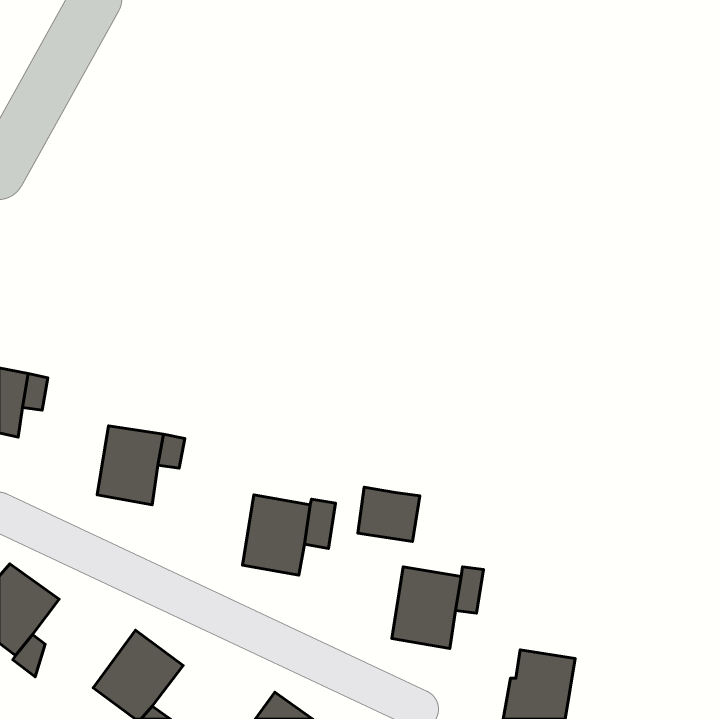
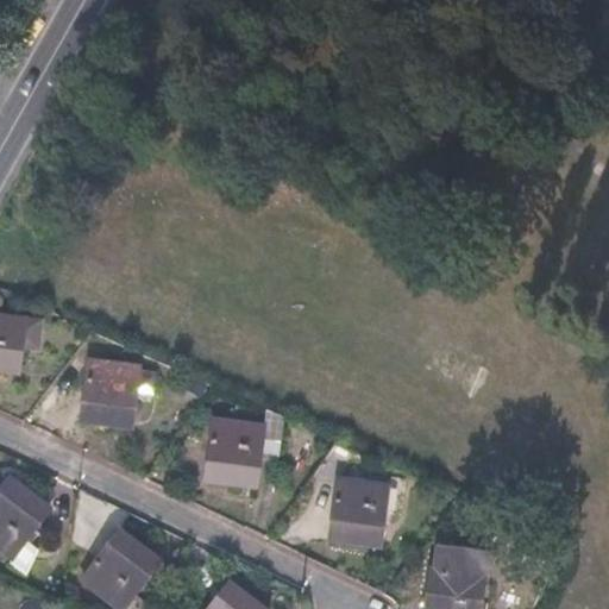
building: [358,487,420,542] -> none

